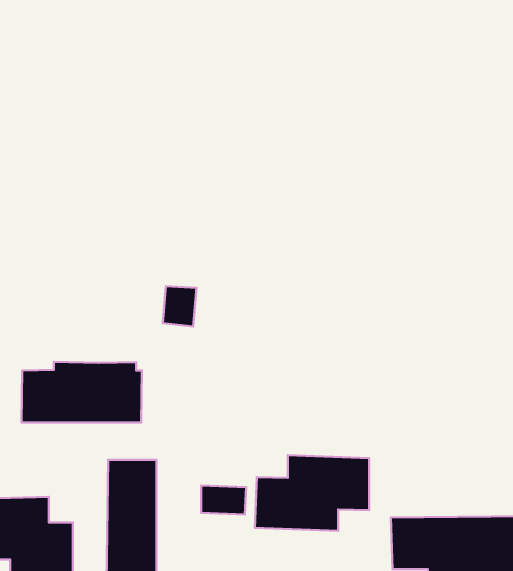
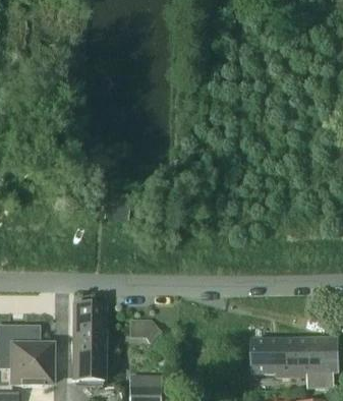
building: [21,362,142,423] -> none
building: [255,455,369,531] -> none

